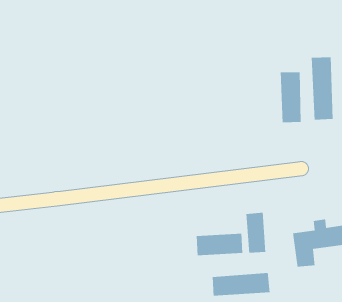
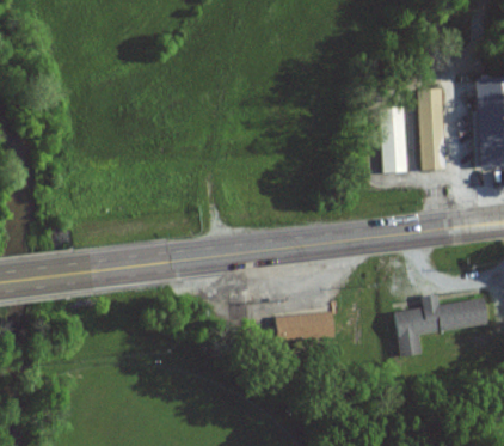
building: [245,212,266,253] -> none
building: [212,272,271,296] -> none

